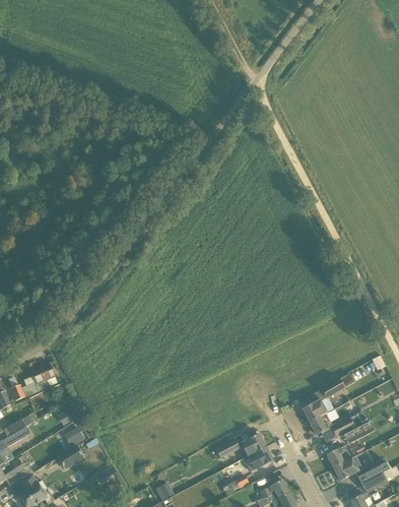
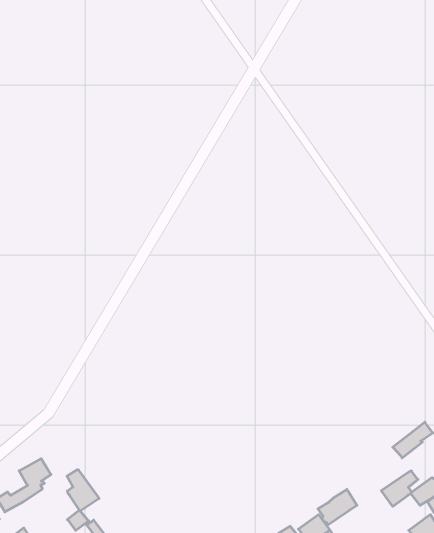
building: none -> [67,470,99,511]
building: [301,397,331,423] -> [318,489,357,525]

